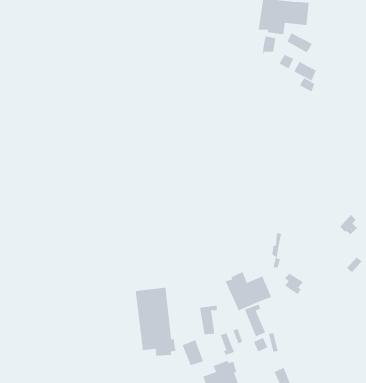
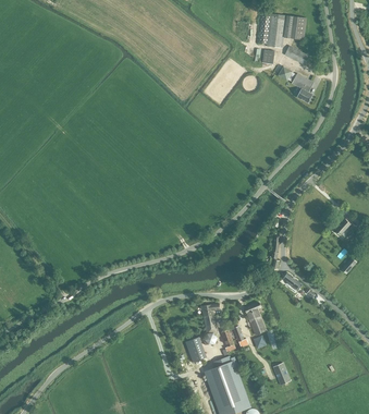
building: [225,271,272,311] -> none
building: [135,287,176,357] -> none

